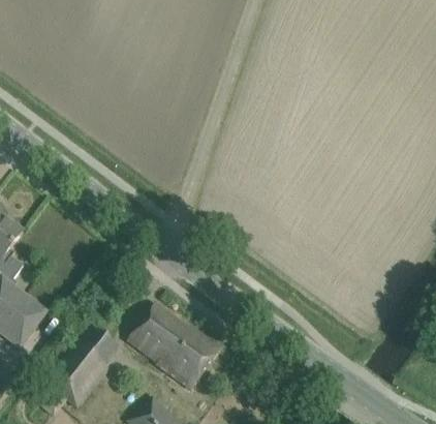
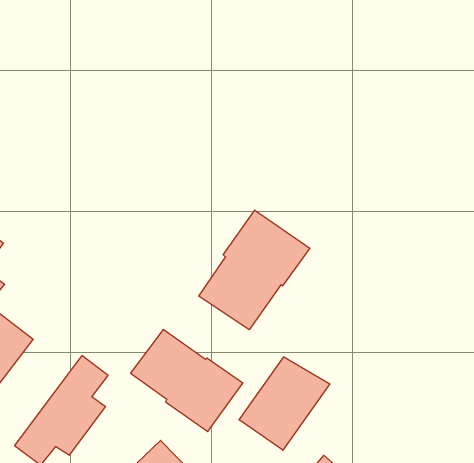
building: none -> [199,210,310,330]
building: none -> [239,357,330,450]

